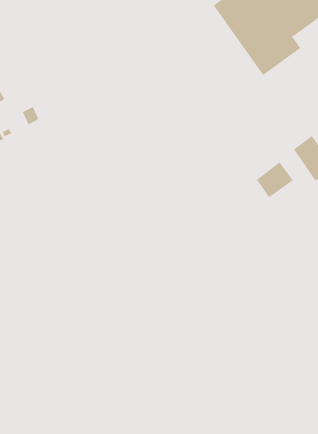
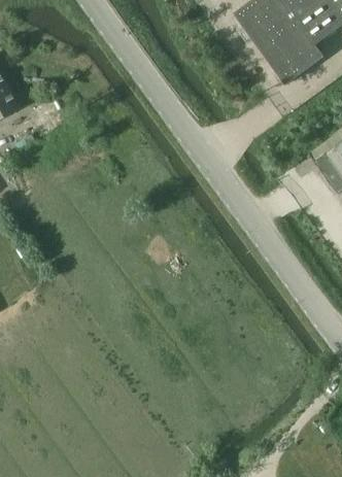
building: [256,162,293,198] -> none

